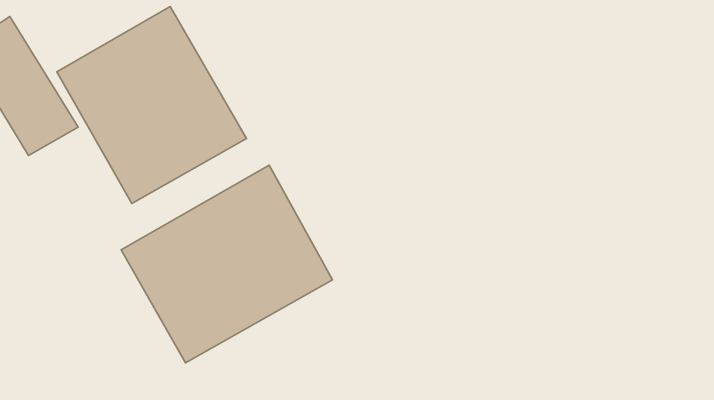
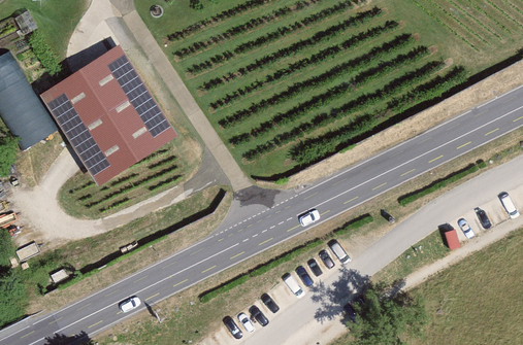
building: [121,165,332,363] -> none

